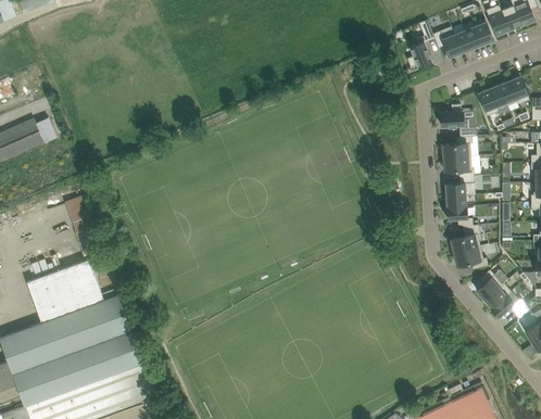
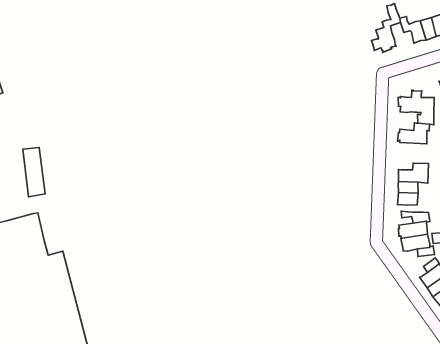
building: [444,156,481,177] -> none

